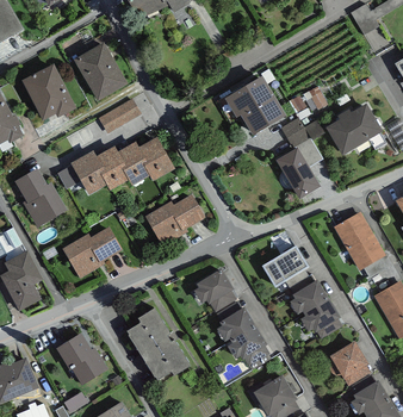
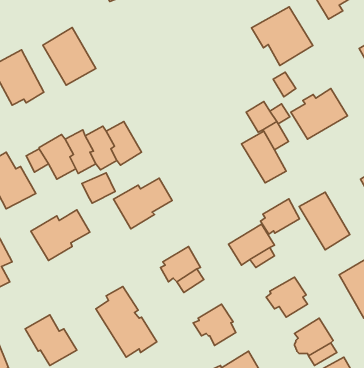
building: [224,80,286,139] -> [252,7,313,66]
building: [99,100,141,135] -> none
building: none -> [82,173,115,203]
building: [290,276,329,312] -> [261,199,299,234]
building: [217,305,255,338] -> none

